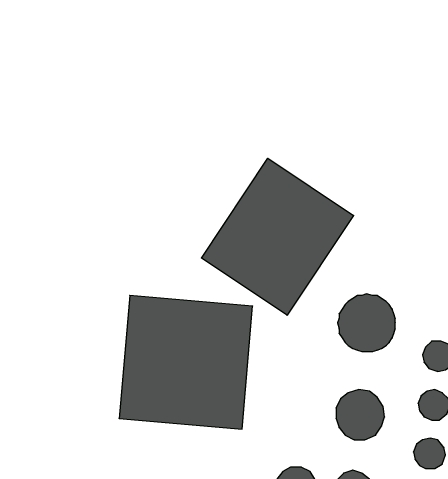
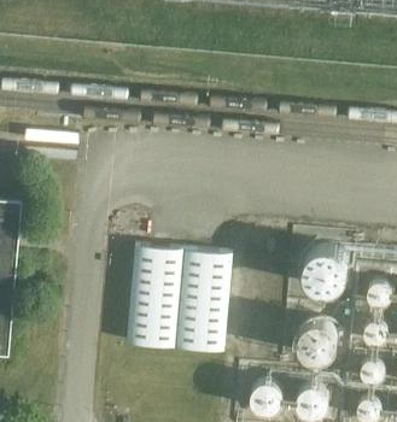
building: [201,158,354,315] -> none

